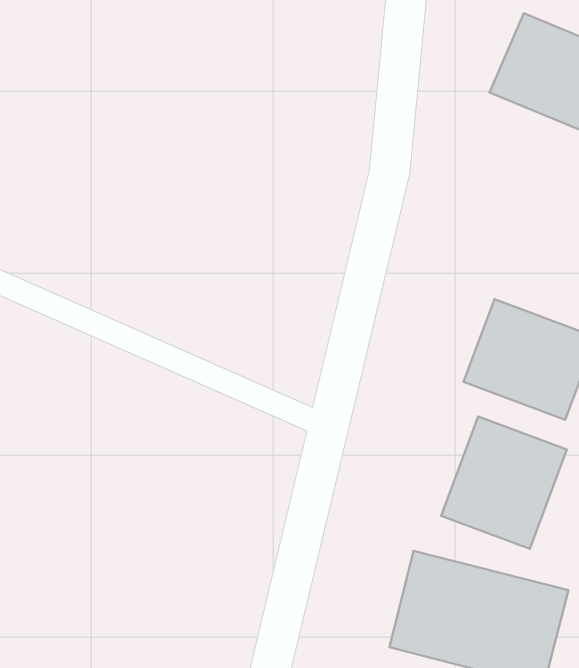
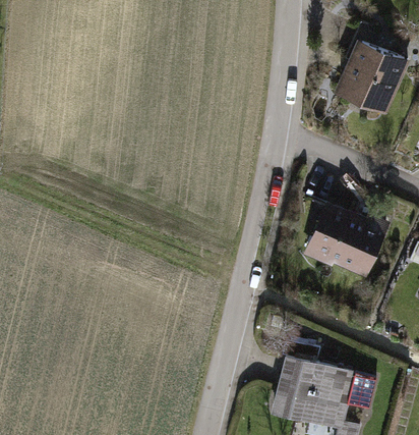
building: [441,417,567,549] -> none

